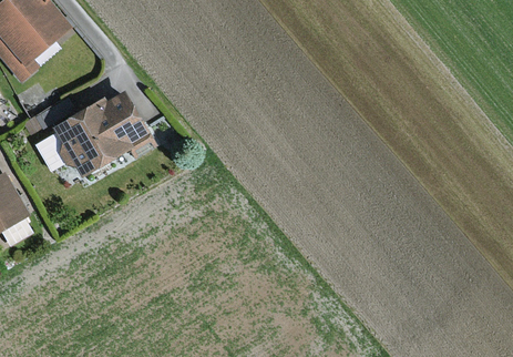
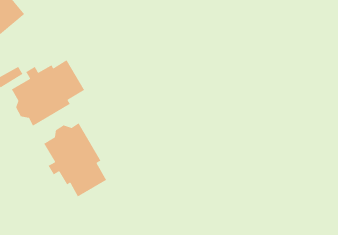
building: none -> [43,122,107,197]

